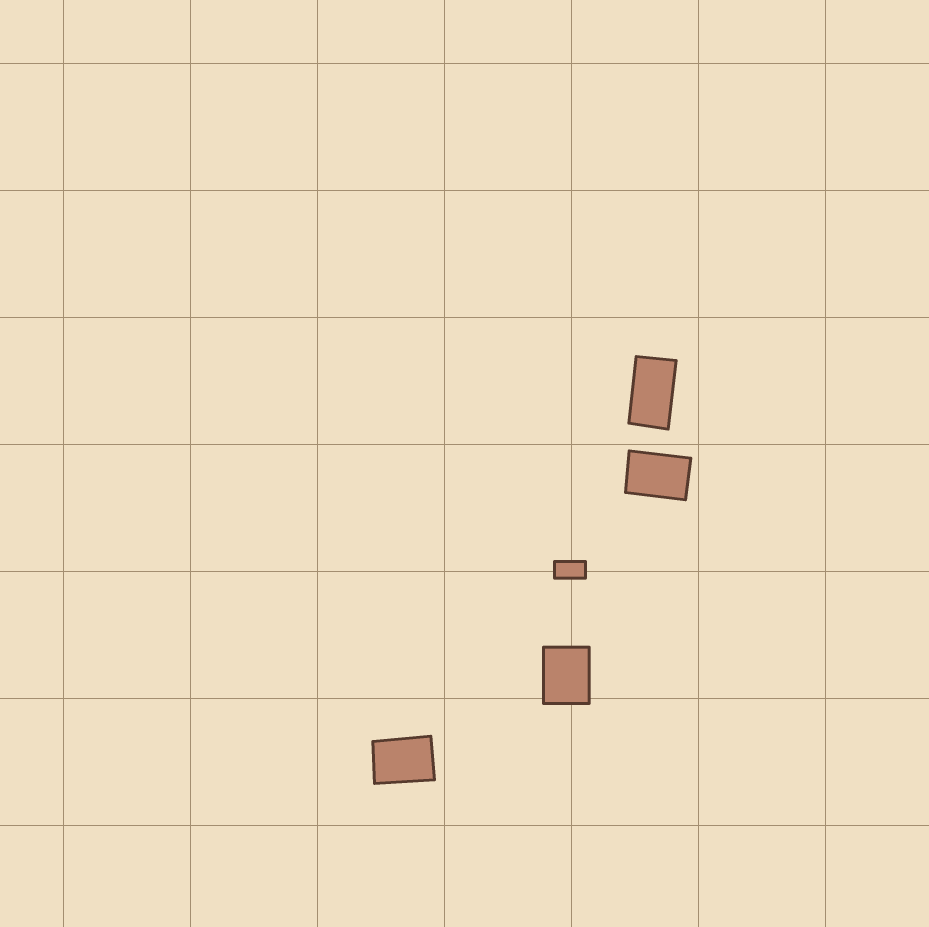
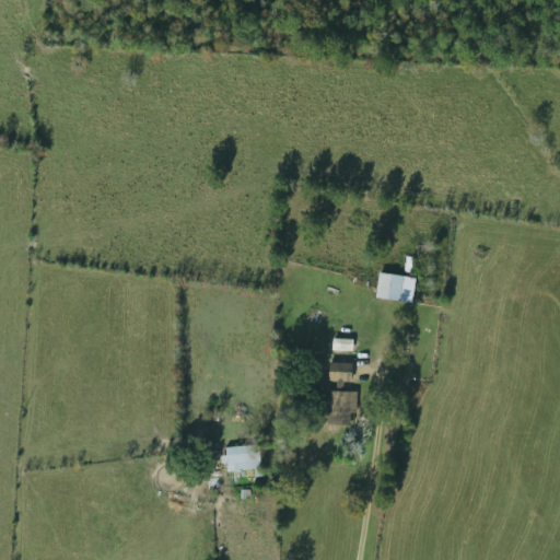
building: [629,357,676,429] -> none
building: none -> [329,361,352,383]

